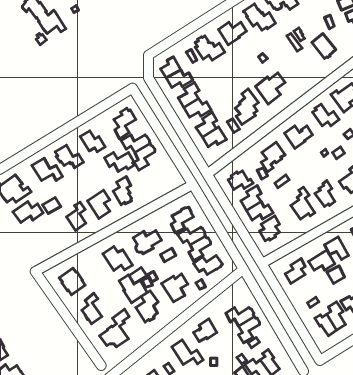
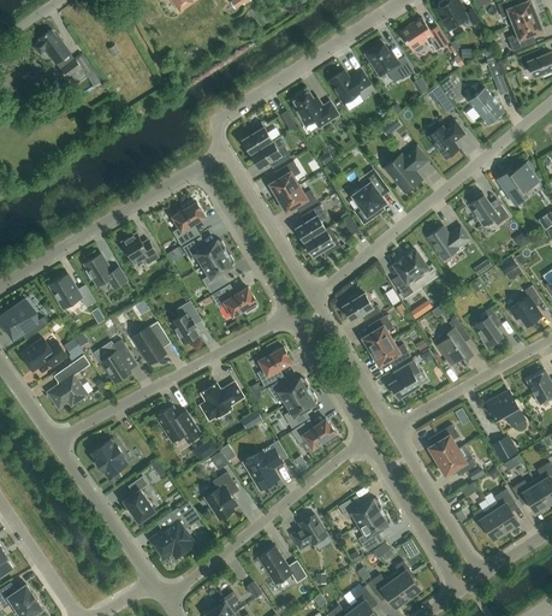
building: none -> [428,120,464,159]
building: [105,152,134,172] -> [212,288,256,316]
building: none -> [48,356,90,409]
building: [308,250,335,270] -> [437,445,476,475]
building: [119,275,147,303] -> none

